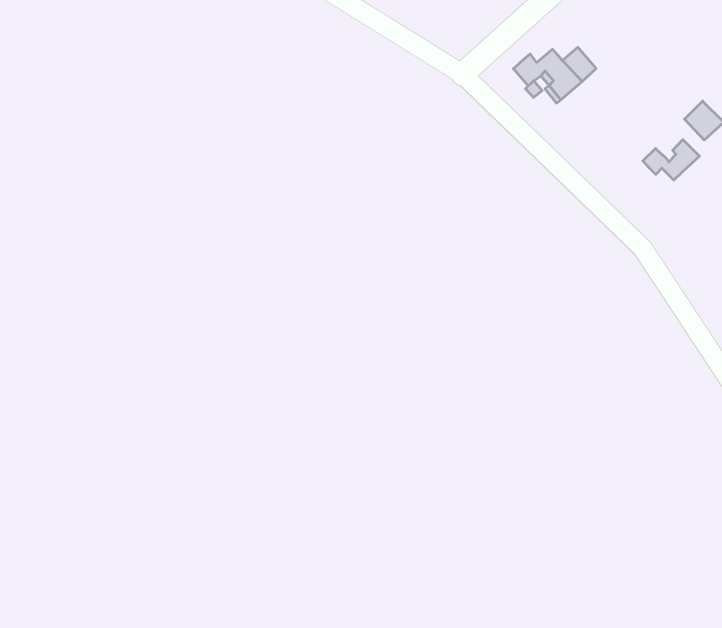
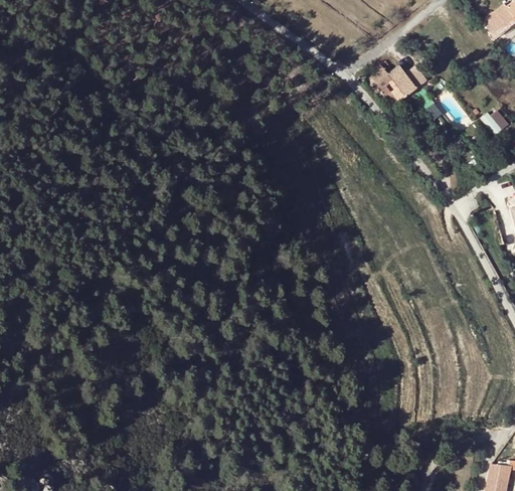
building: [643,140,699,180] -> none

